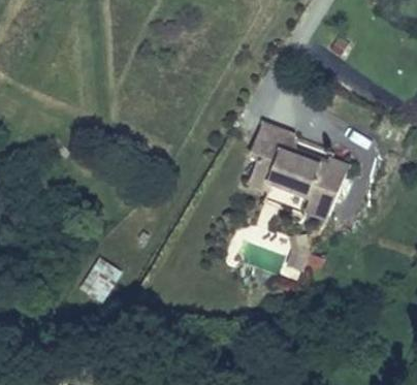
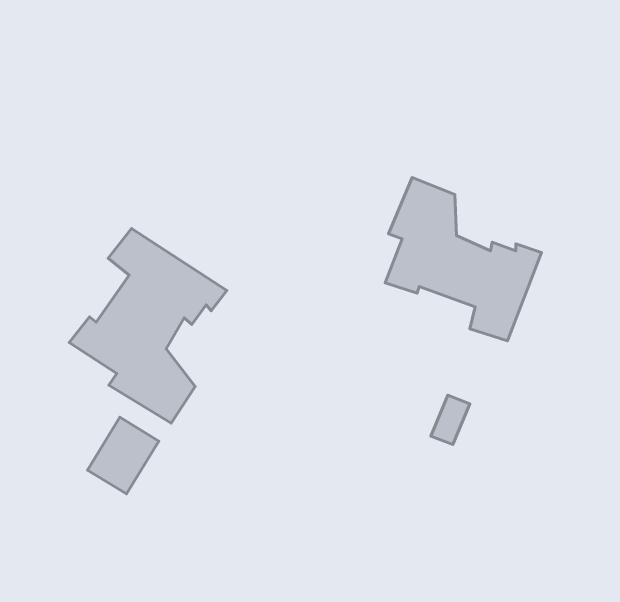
building: none -> [69,228,227,423]

